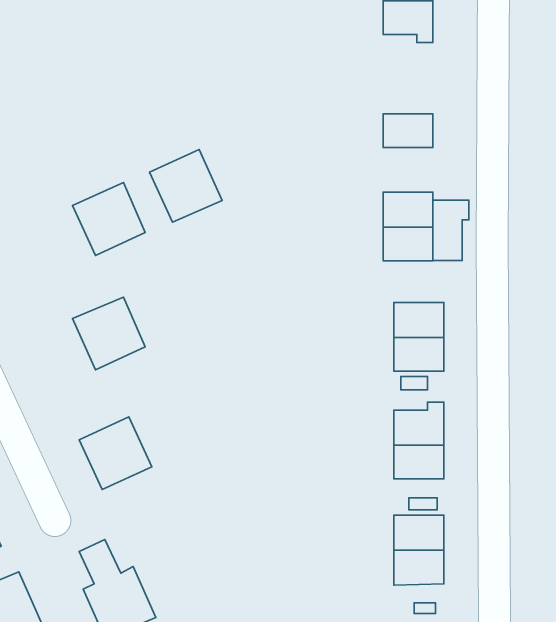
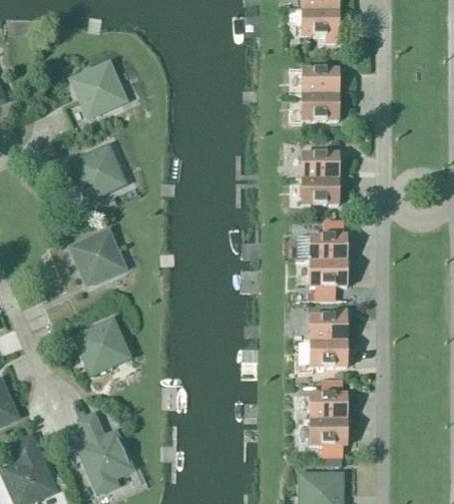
building: none -> [303,68,340,94]
building: [149,149,222,222] -> [72,62,126,116]
building: [433,200,469,261] -> none

